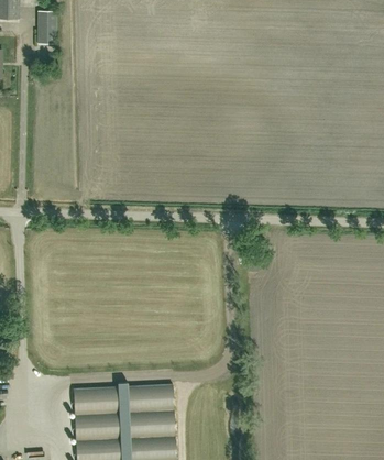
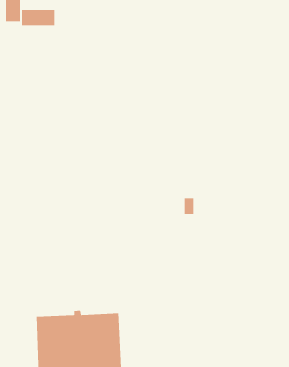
building: none -> [21,9,55,26]

